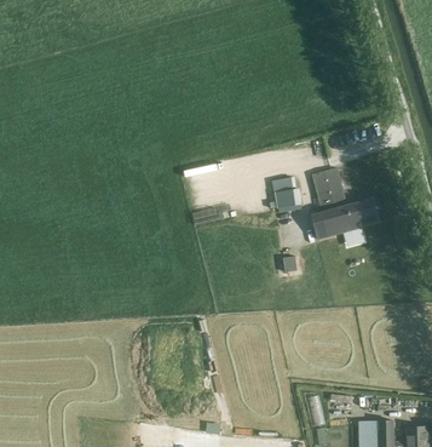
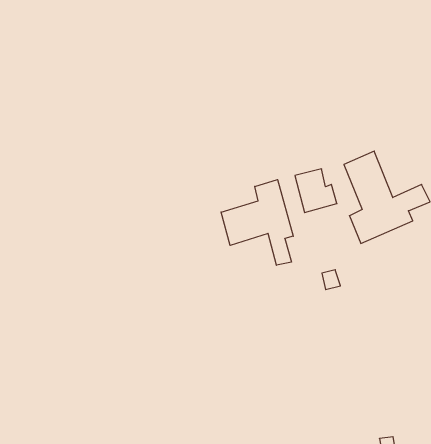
building: none -> [221,180,293,265]

